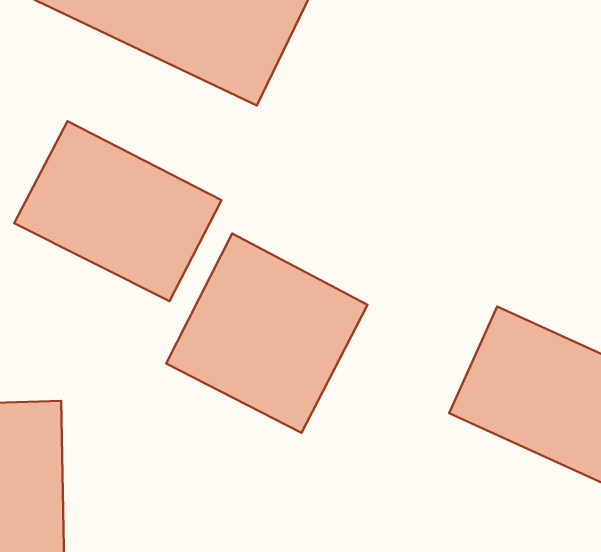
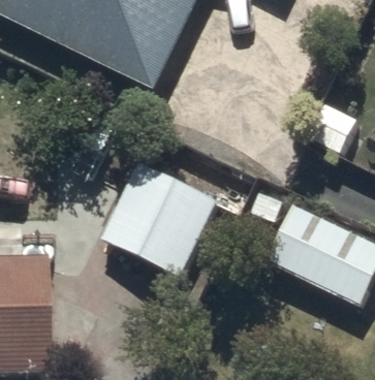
building: [14,121,221,301] -> none

